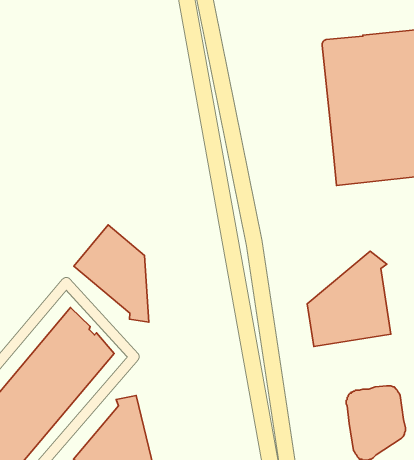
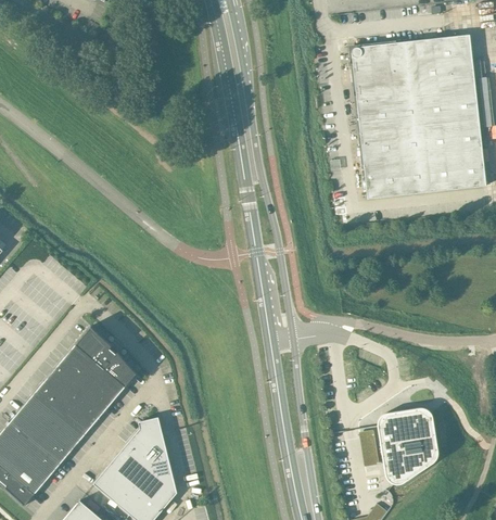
building: [74,225,149,322] -> none
building: [307,251,391,347] -> none

